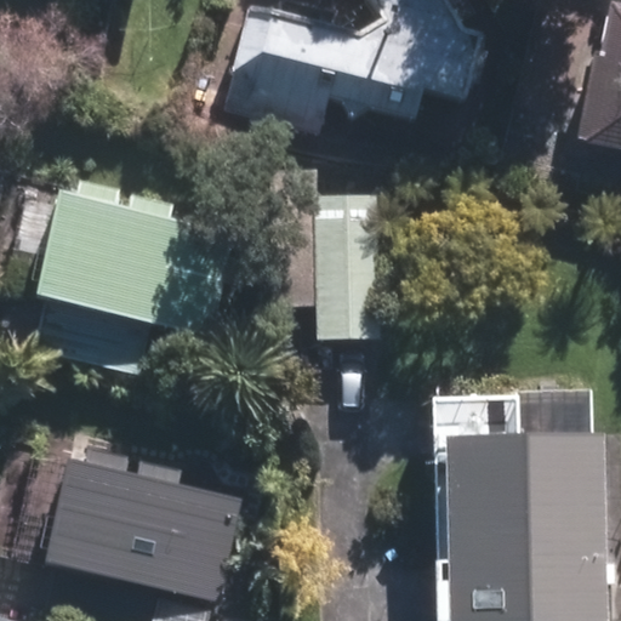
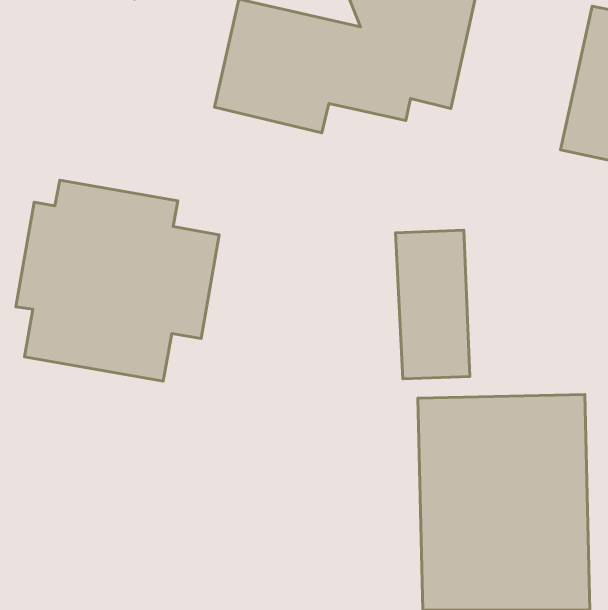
building: [315,190,389,338] -> [395,230,470,379]
building: [42,452,245,602] -> none

